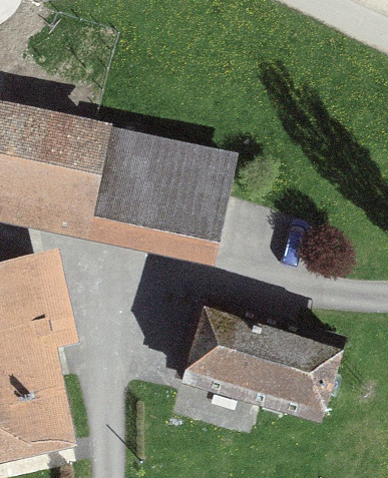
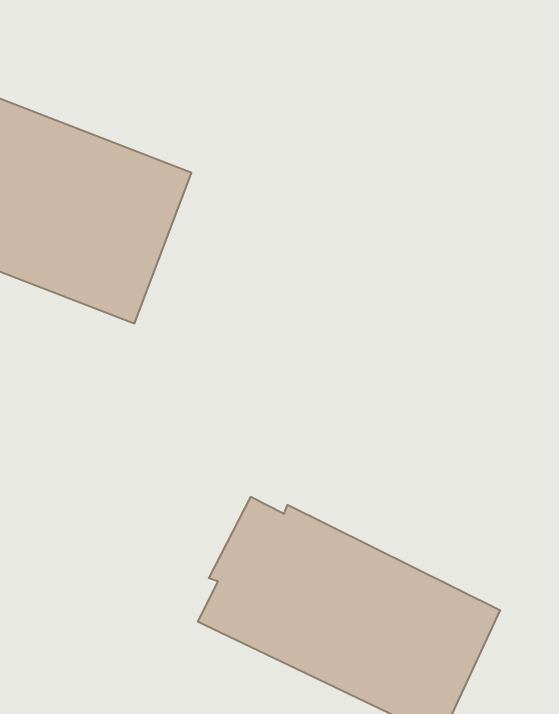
building: [124,144,228,247] -> none

